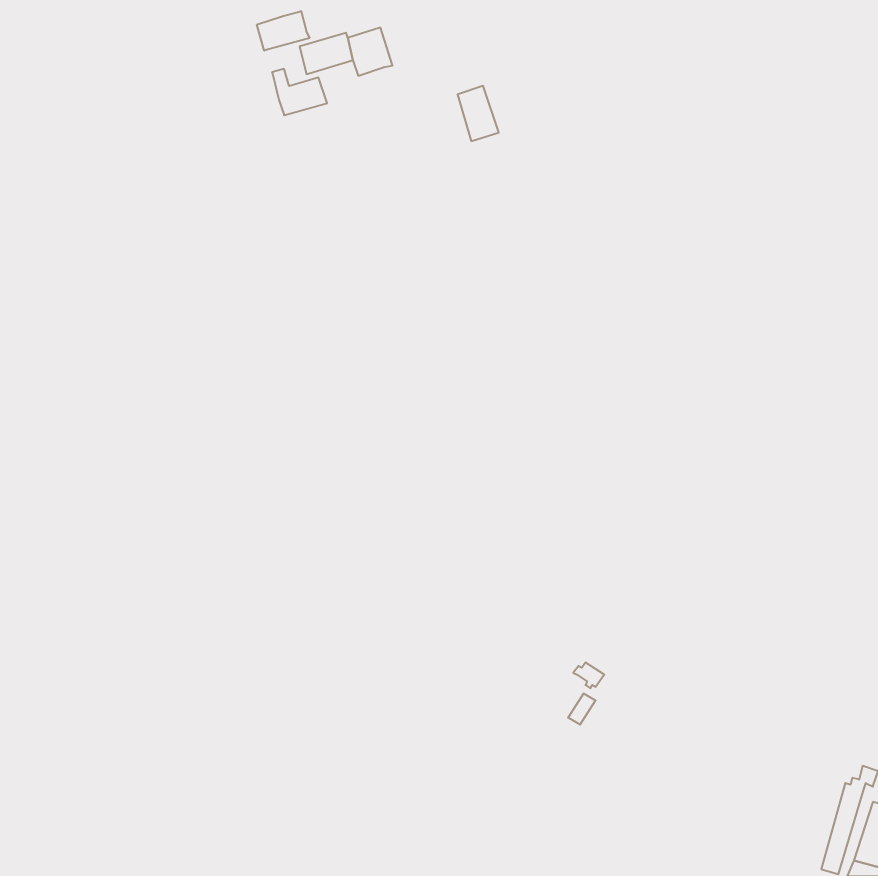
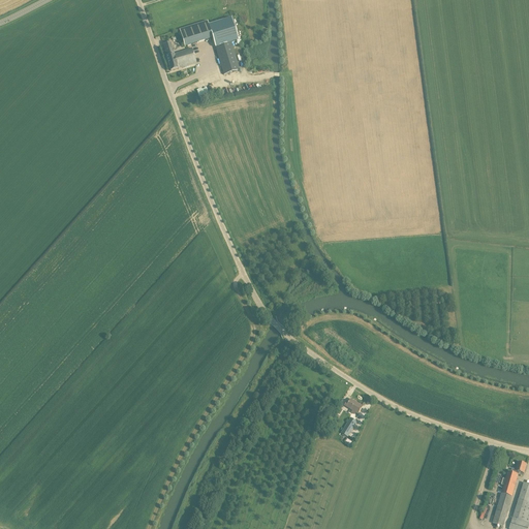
building: [257,11,309,51] -> none
building: [457,86,499,141] -> [216,40,241,73]

